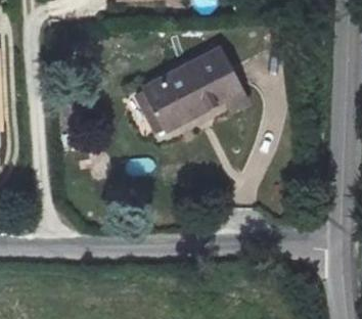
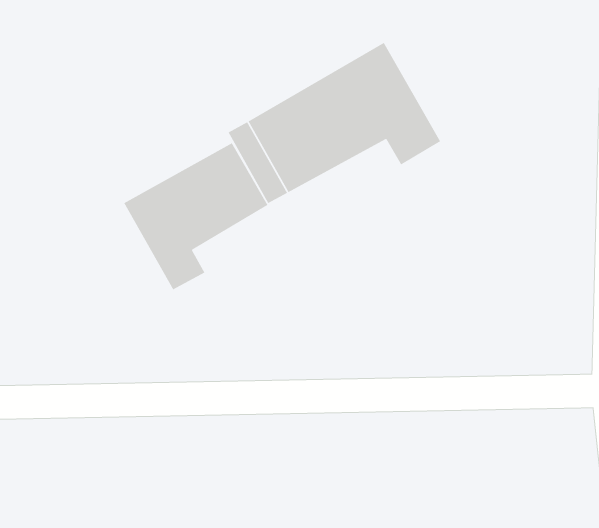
building: none -> [123,142,268,291]

